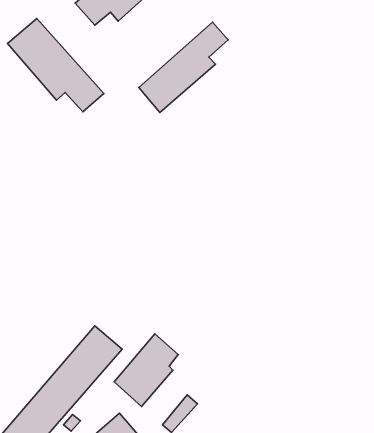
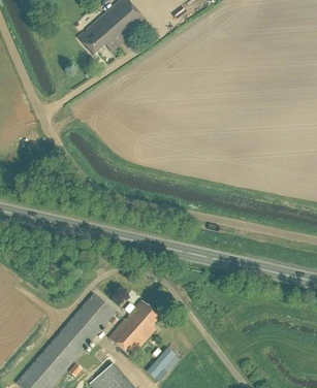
building: [8,19,104,112] -> none
building: [139,22,228,112] -> none

